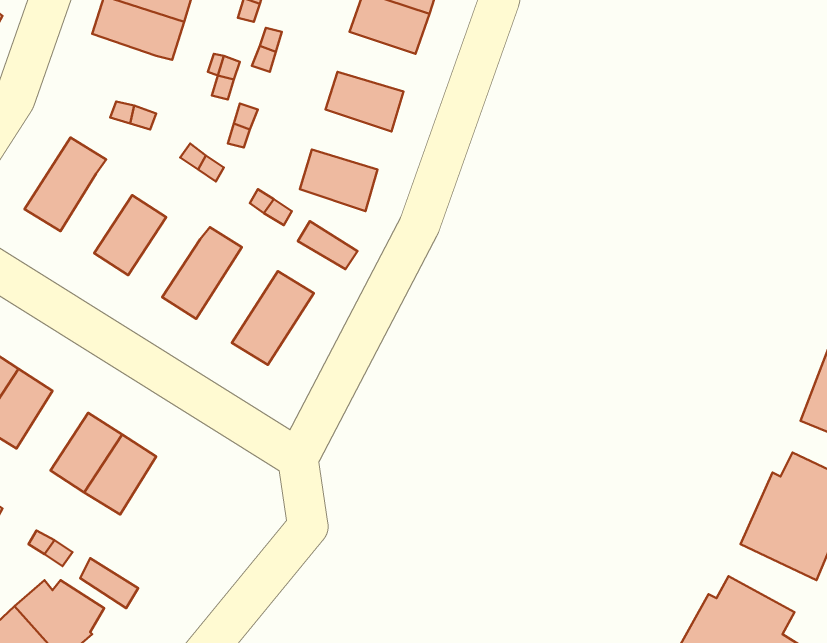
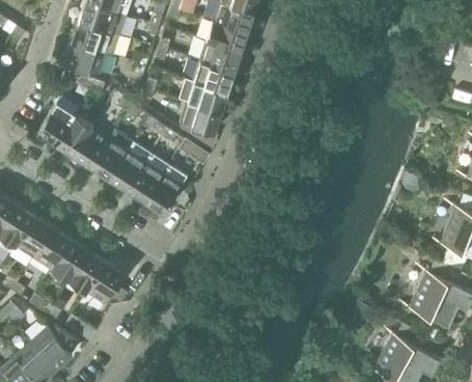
building: none -> [199,42,240,73]
building: none -> [64,43,105,75]
building: none -> [178,80,227,113]
building: none -> [55,115,92,157]
building: none -> [90,138,128,180]
building: none -> [126,154,168,203]
building: none -> [32,228,70,270]
building: none -> [86,263,123,305]

